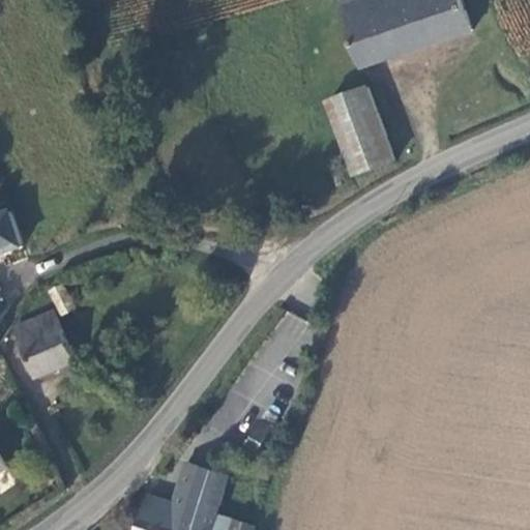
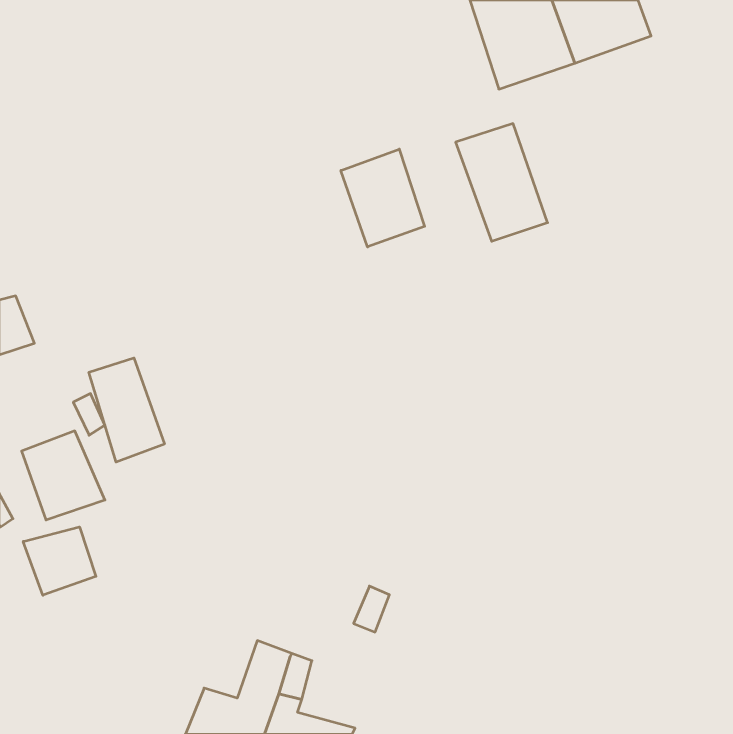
building: none -> [341,149,425,247]
building: none -> [89,358,164,462]
building: none -> [23,527,96,595]

